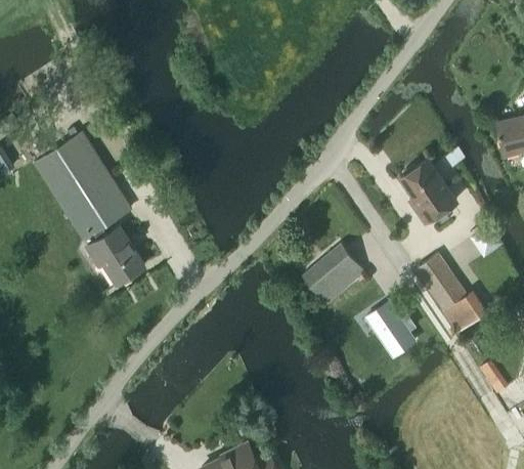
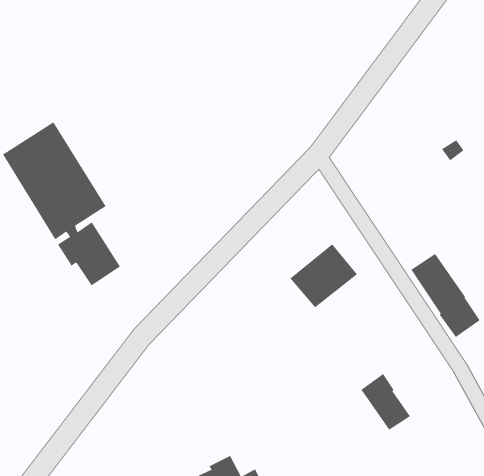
building: [400,160,455,223] -> none
building: [364,303,411,356] -> [360,373,411,430]

